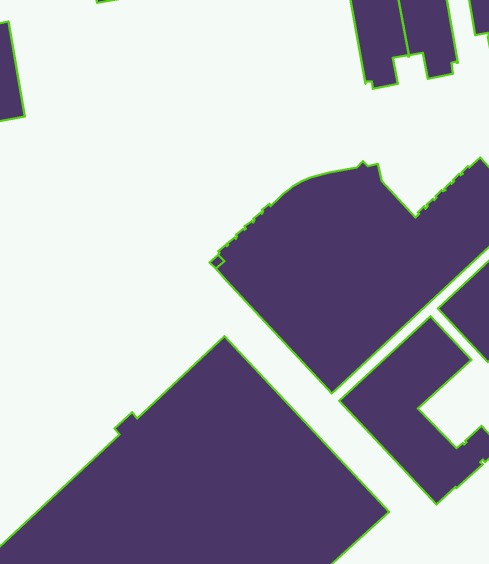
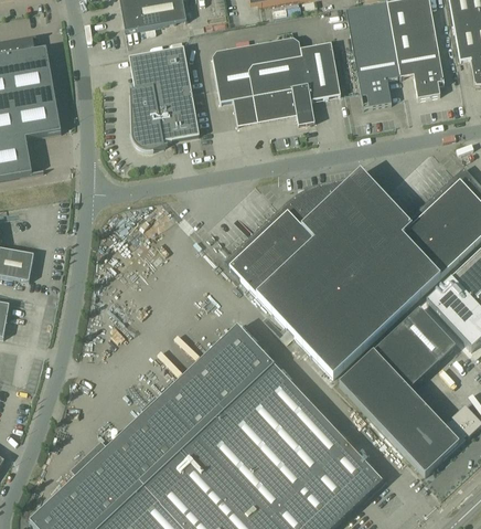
building: none -> [212,38,340,124]
building: none -> [128,45,199,149]

